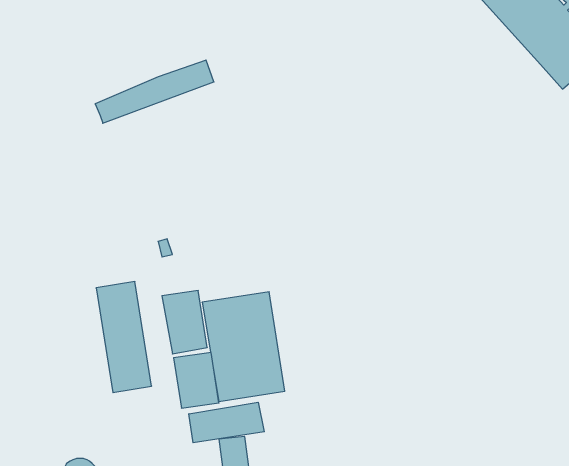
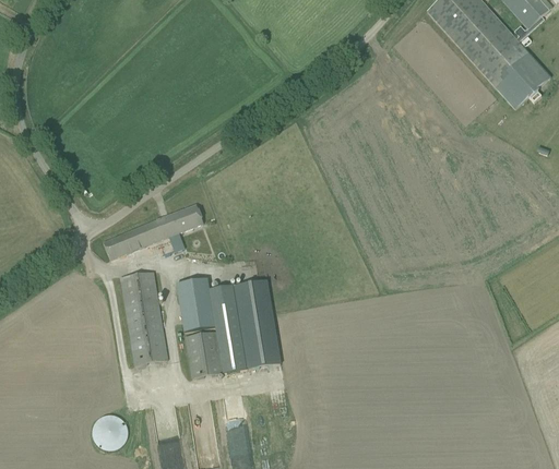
building: [95,60,214,123] -> [103,204,203,257]
building: [189,402,264,443] -> none

